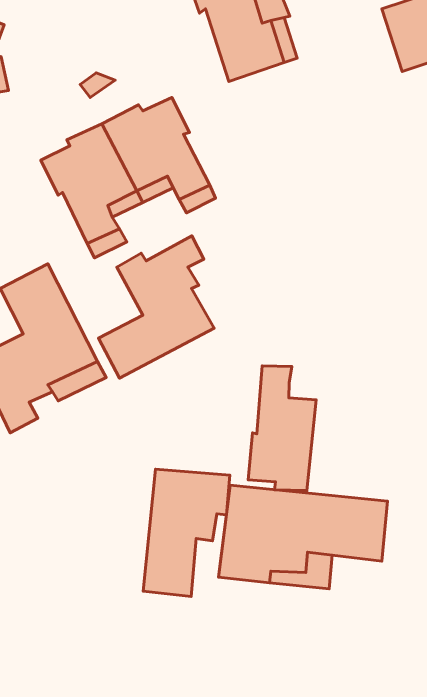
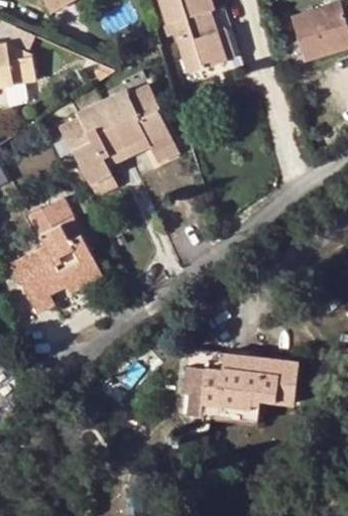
building: [99,236,214,378] -> none
building: [248,366,316,491] -> none
building: [143,469,230,596] -> none

